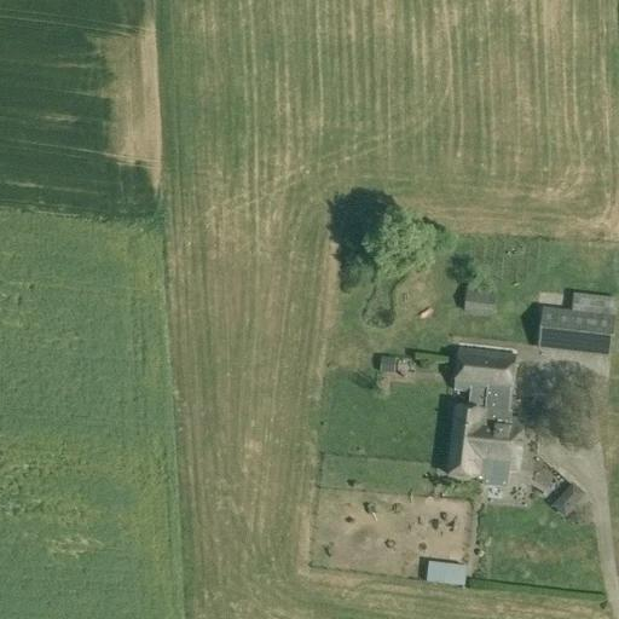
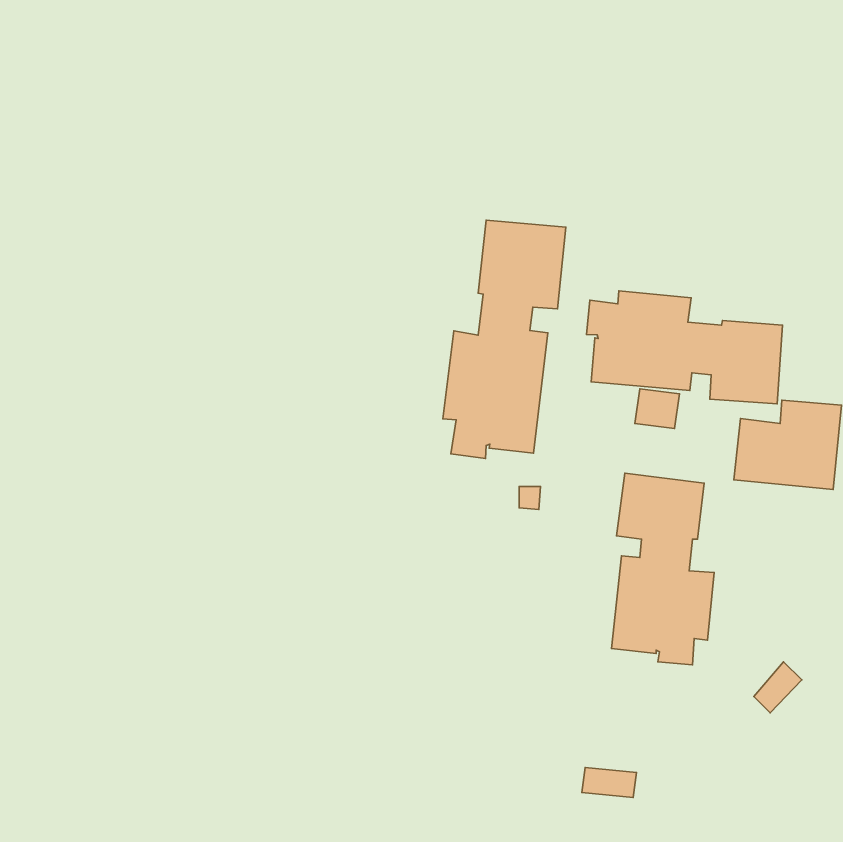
building: none -> [443,220,566,458]
building: none -> [586,291,783,404]

